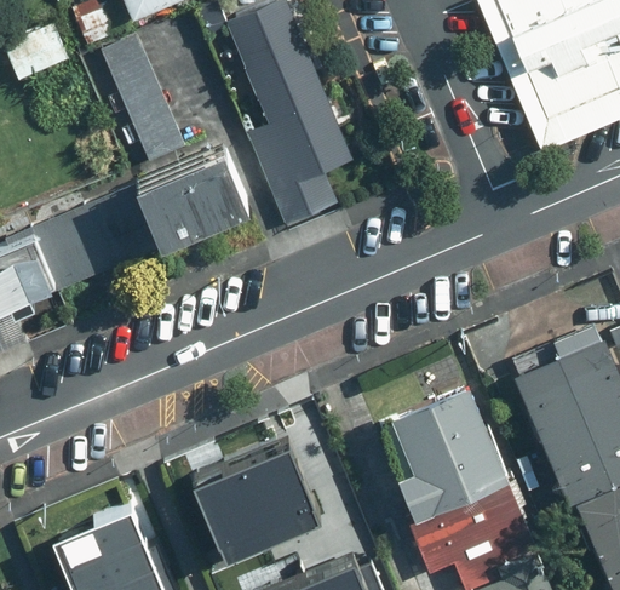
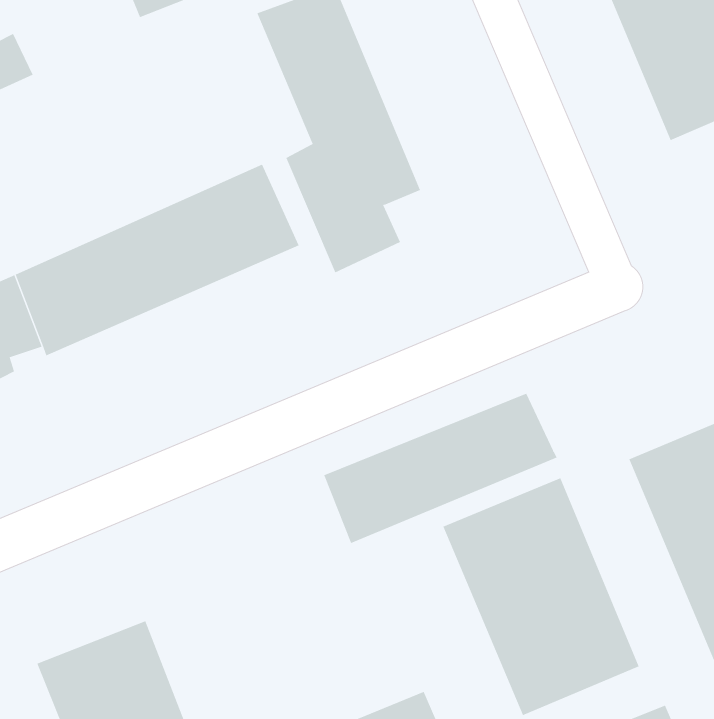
building: [104,40,185,166] -> none
building: none -> [323,393,557,544]
building: [186,440,317,562] -> none

